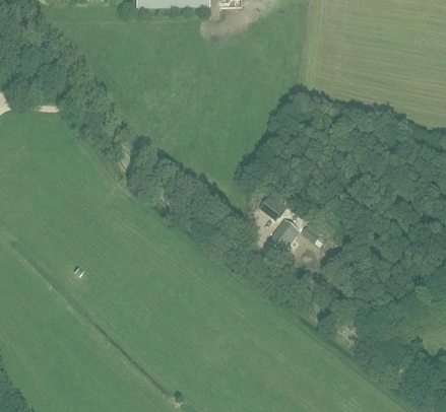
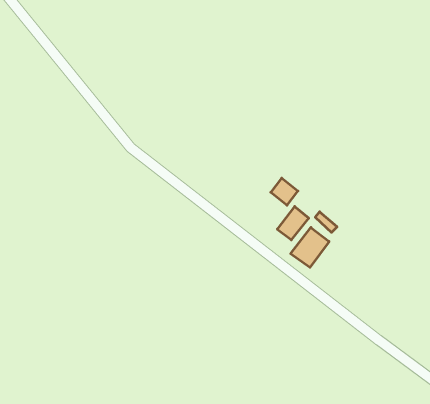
building: none -> [291,227,329,267]

